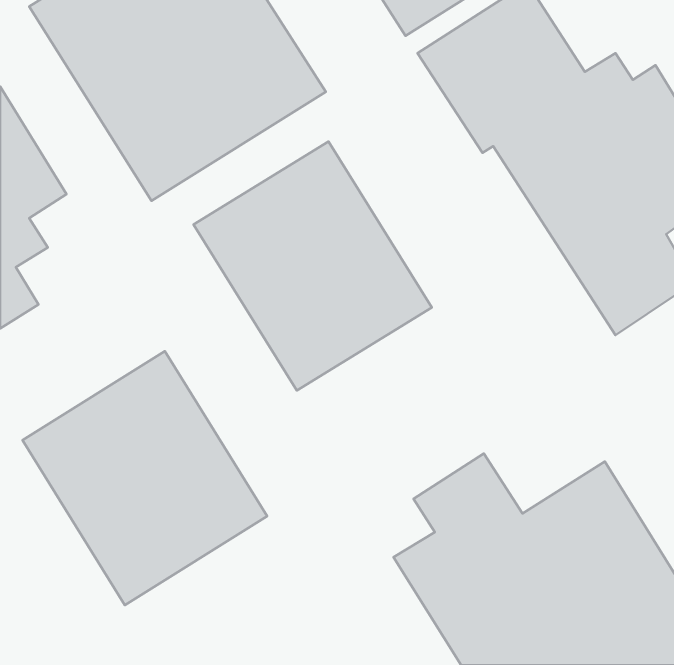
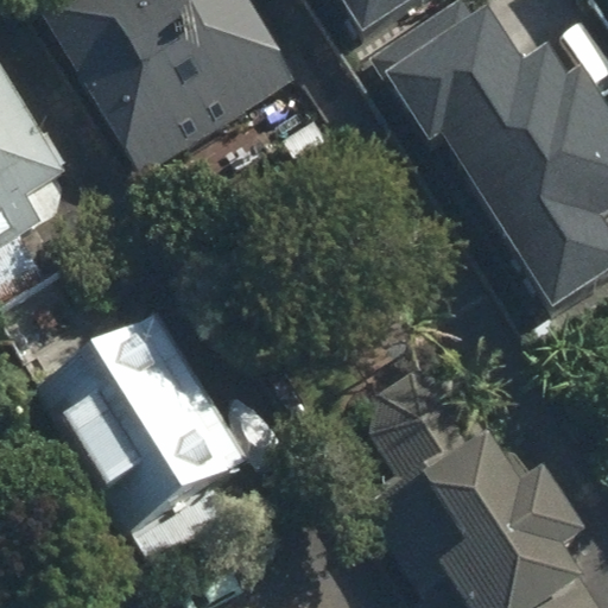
building: [194,141,432,391] -> none

